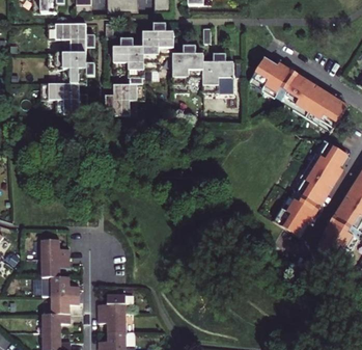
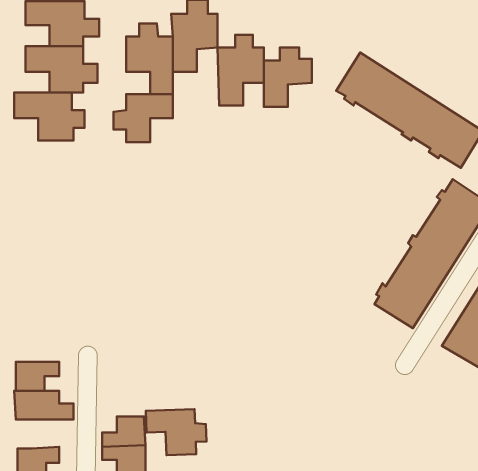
building: [40,238,69,257] -> none
building: none -> [146,409,207,455]
building: [51,294,79,313] -> none

